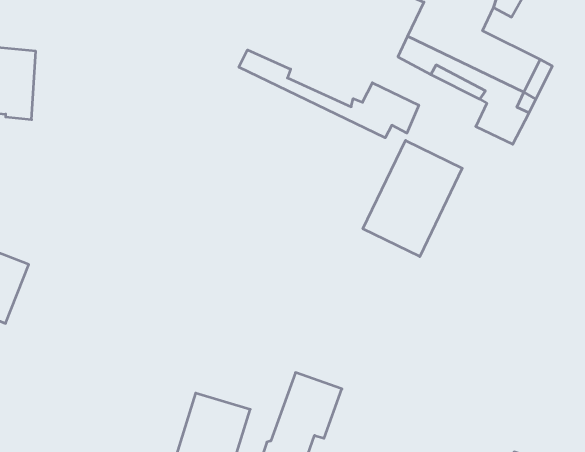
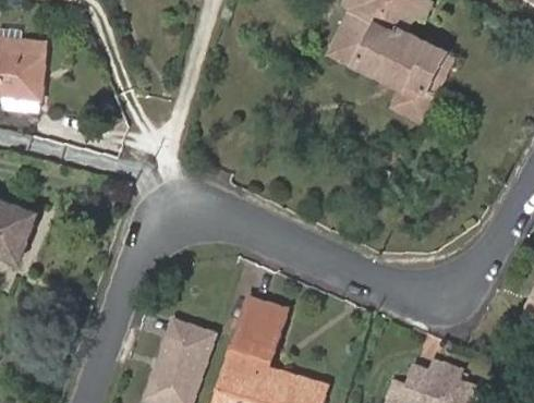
building: [239,50,419,138] -> none
building: [363,140,462,257] -> none

